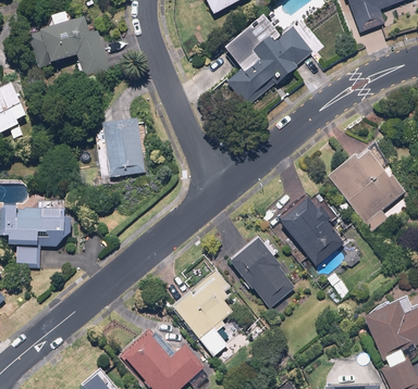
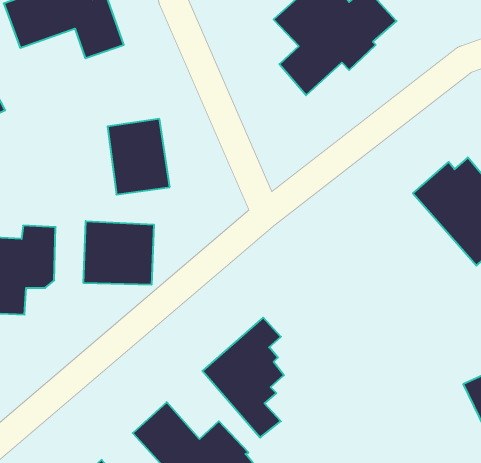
building: none -> [84,221,154,285]
building: [275,198,344,264] -> none
building: [226,236,295,308] -> none

